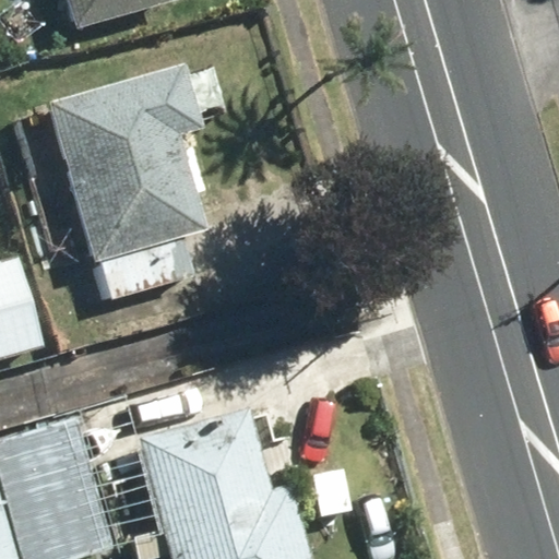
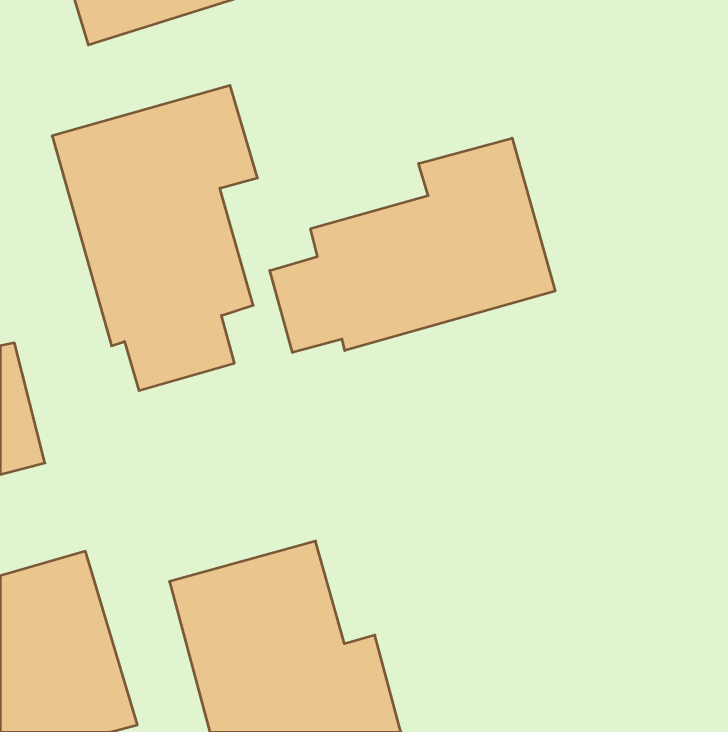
building: none -> [270,138,555,353]

